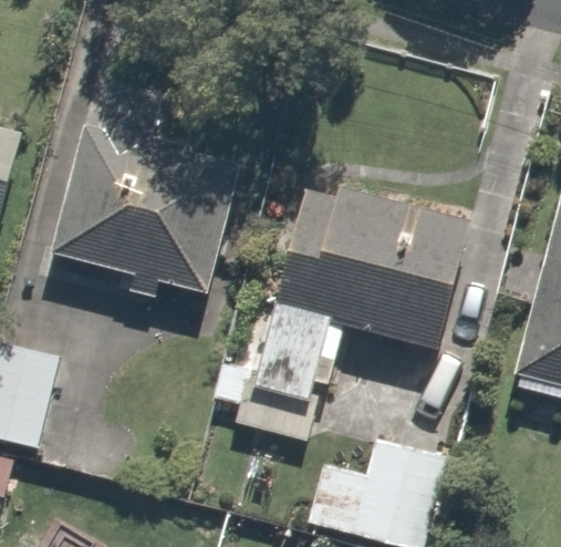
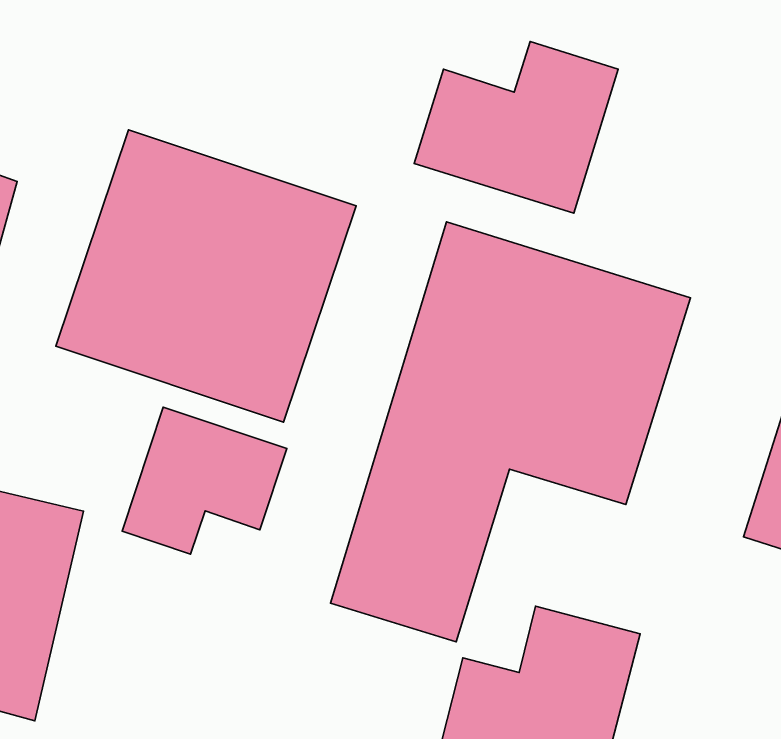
building: none -> [414,41,618,213]
building: none -> [122,407,287,554]

